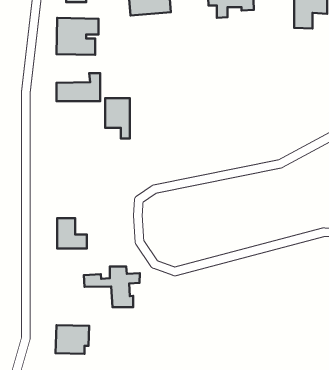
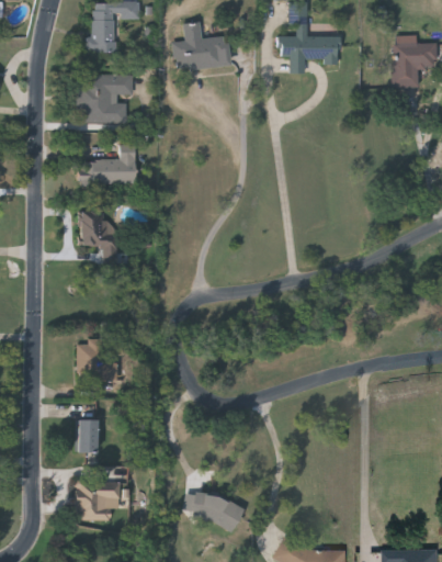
building: [105,98,130,139] -> [81,209,114,262]
building: [84,266,140,307] -> none
building: none -> [77,420,98,452]
building: none -> [189,491,243,532]

